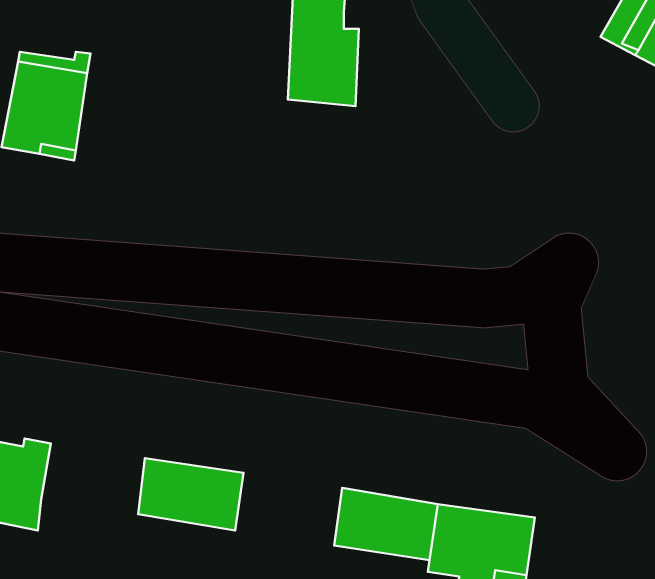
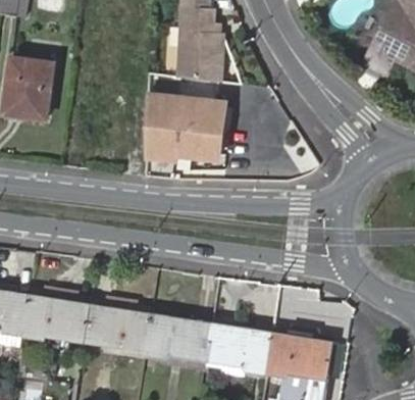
building: none -> [145,98,224,162]
building: none -> [25,295,90,339]
building: none -> [146,313,212,358]

